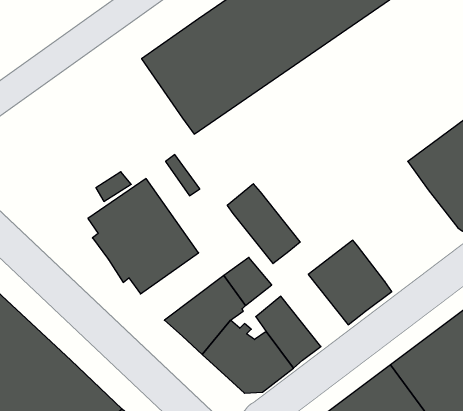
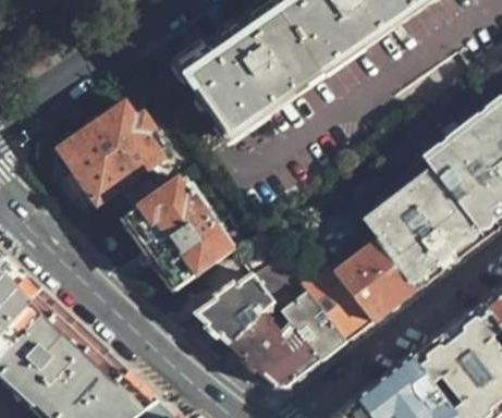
building: none -> [57,103,162,204]
building: none -> [372,179,478,279]
building: [227,184,300,264] -> [304,265,374,341]

